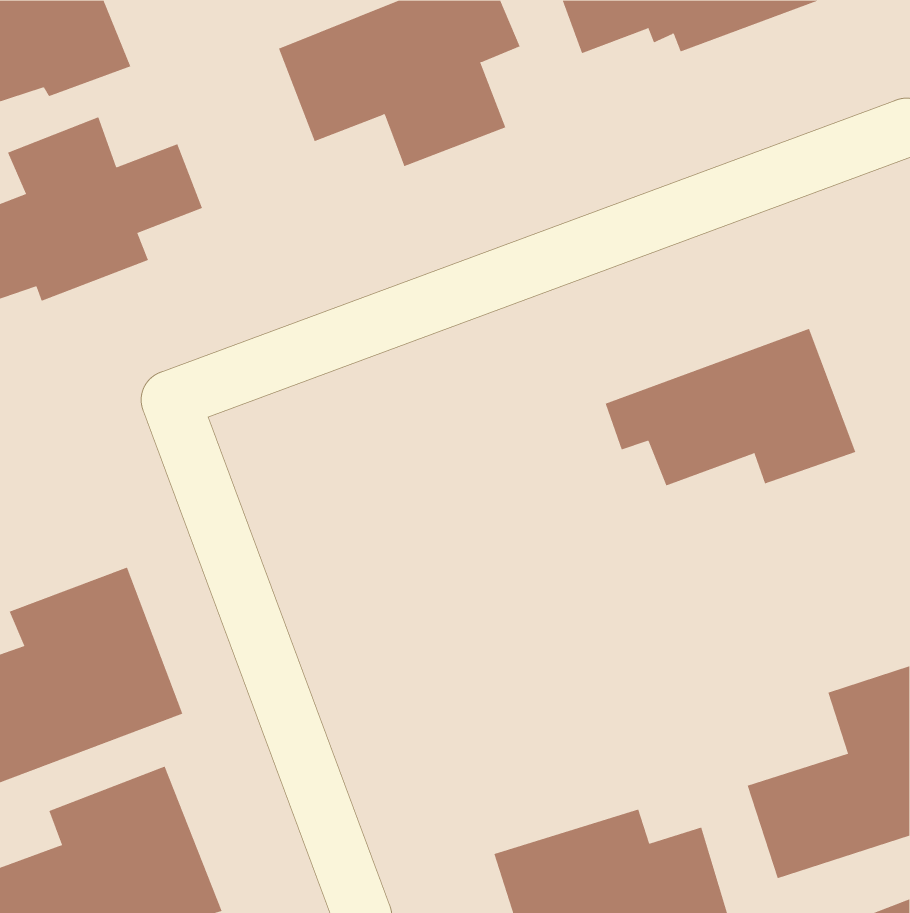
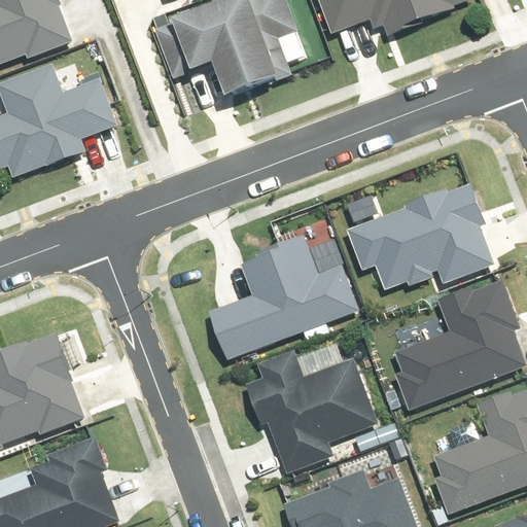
building: none -> [212,236,357,352]
building: none -> [383,282,514,408]
building: none -> [243,340,378,476]

